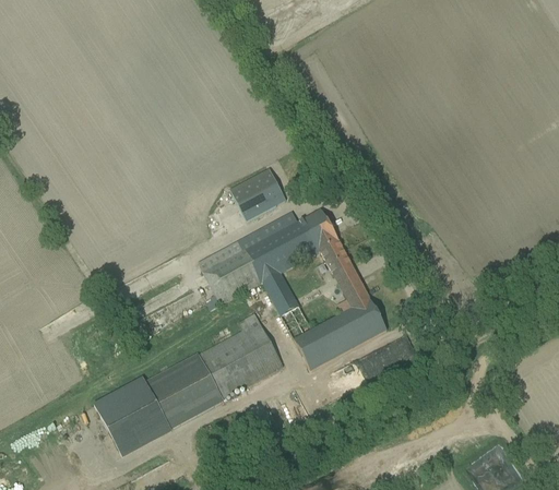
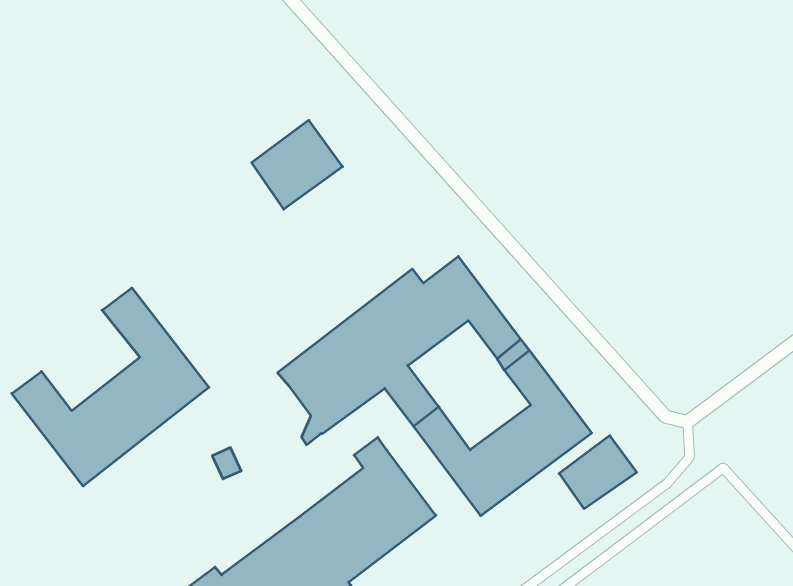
building: [230,168,286,220] -> [252,120,343,209]
building: none -> [12,288,209,486]

